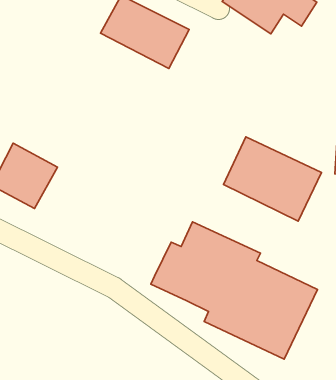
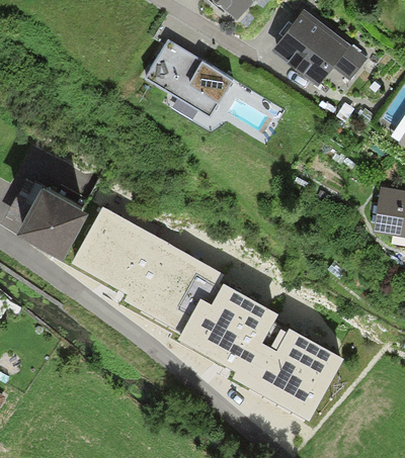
building: [224,137,321,221] -> none
building: none -> [69,199,229,328]

